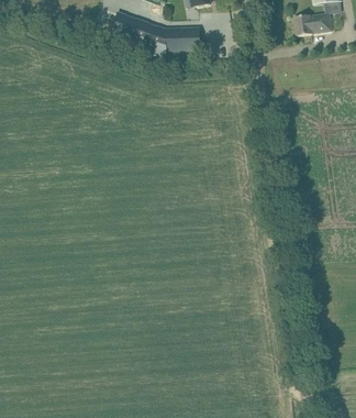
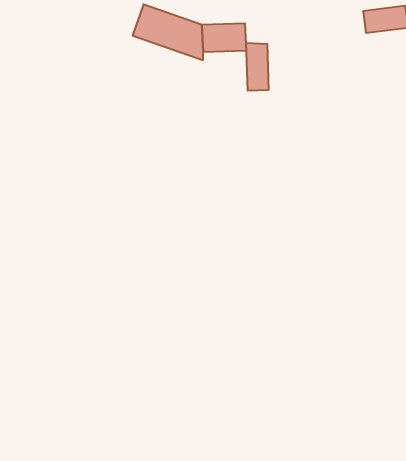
building: none -> [246,43,268,91]

